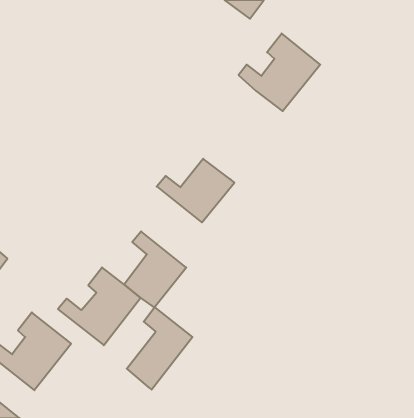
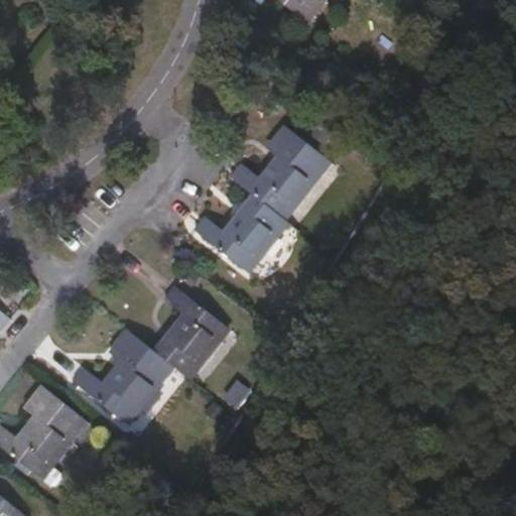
building: [239,33,320,111] -> [230,125,331,221]
building: [127,307,192,390] -> none

